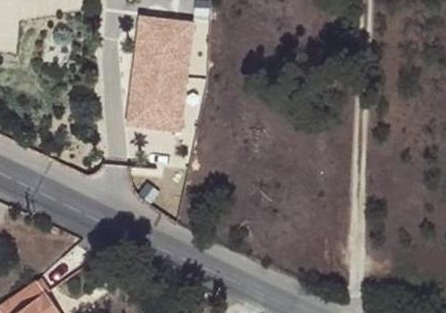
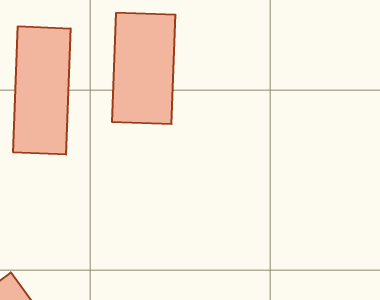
building: none -> [13,26,71,155]

